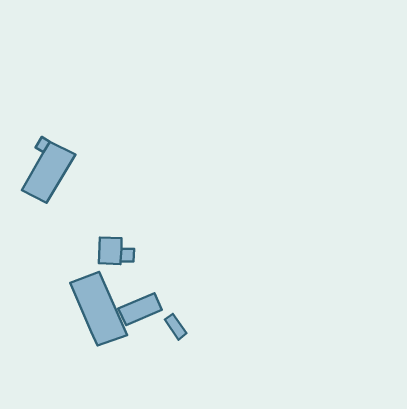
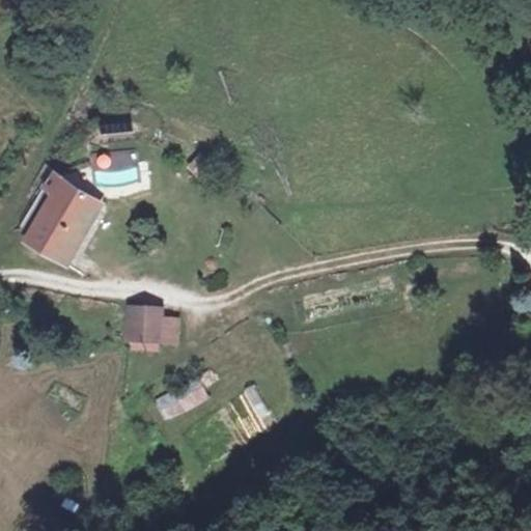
building: [70,272,127,346] -> none

